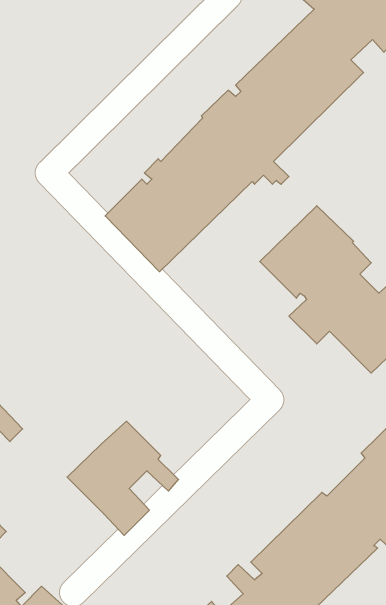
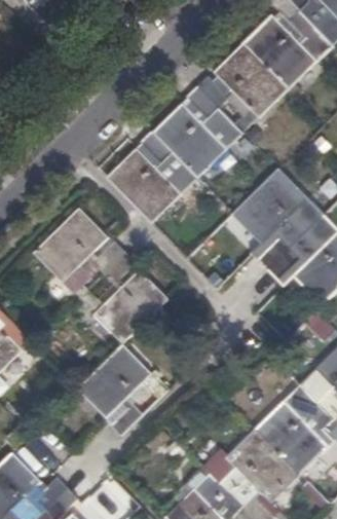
building: none -> [32,206,170,342]

